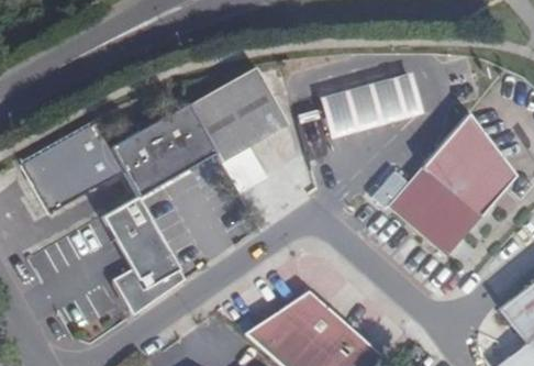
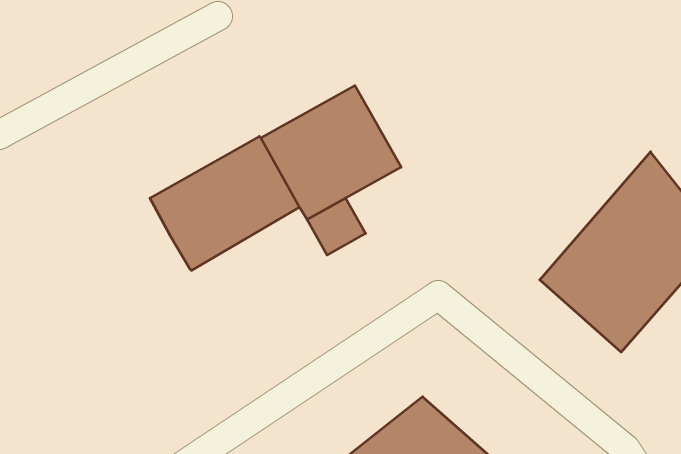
building: [321,74,424,140] -> none
building: [23,123,124,214] -> none
building: [102,197,186,315] -> none

